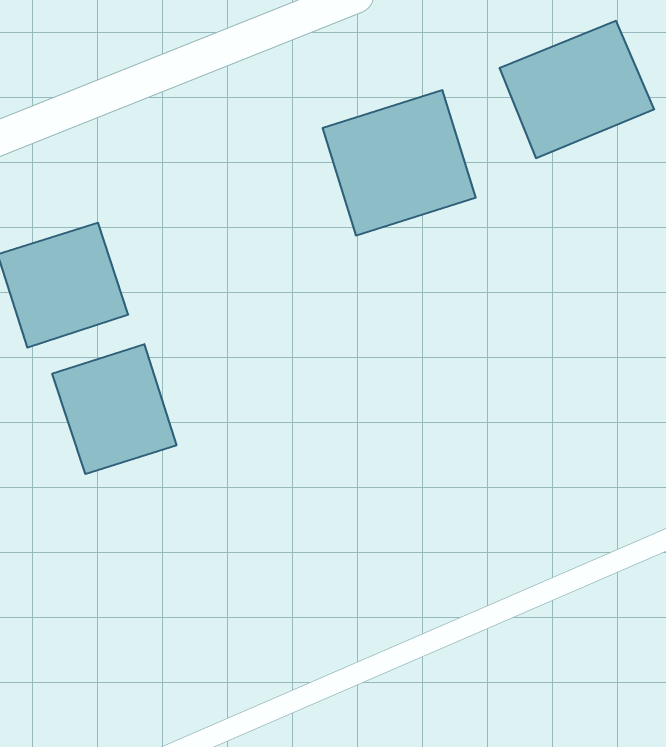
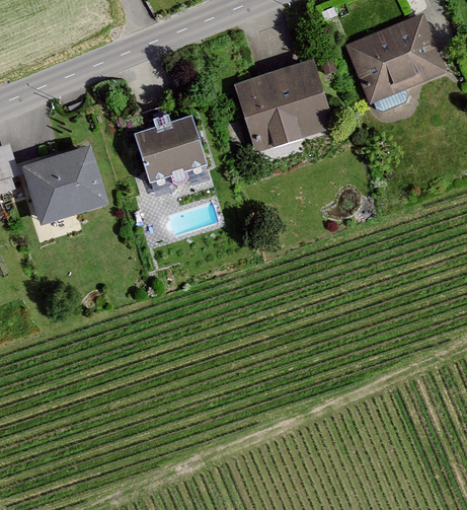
building: none -> [137,116,205,178]
building: [52,344,176,474] -> none

